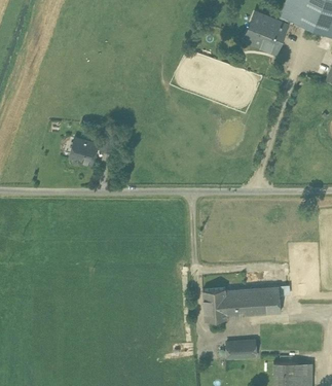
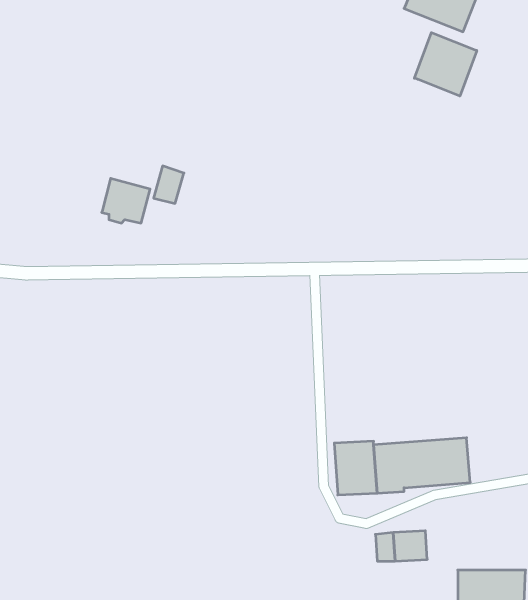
building: none -> [414,33,477,96]

